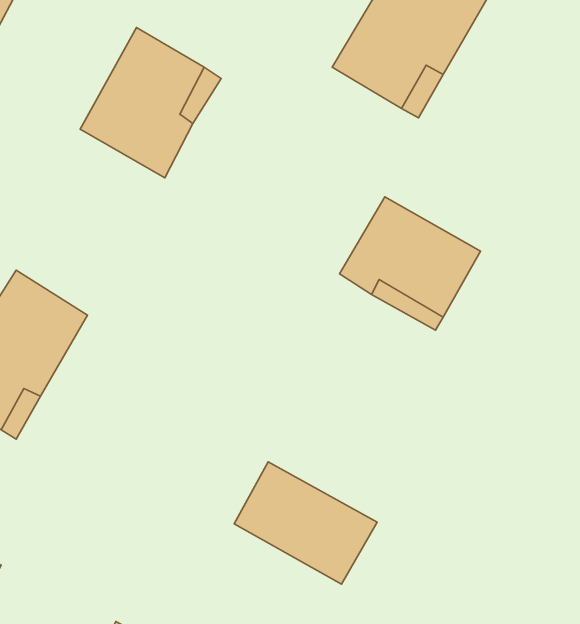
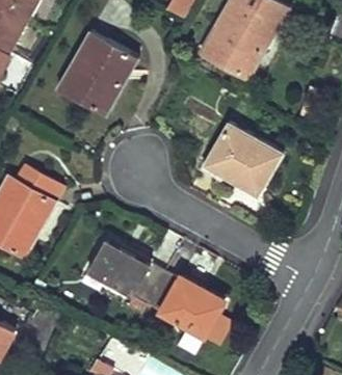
building: none -> [88,238,164,305]

